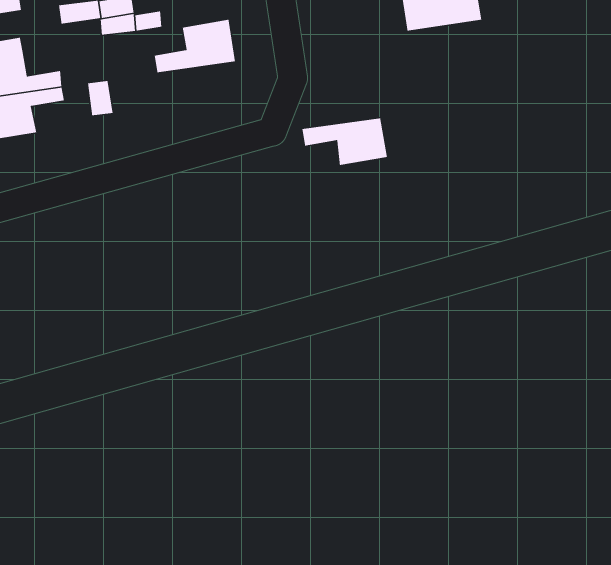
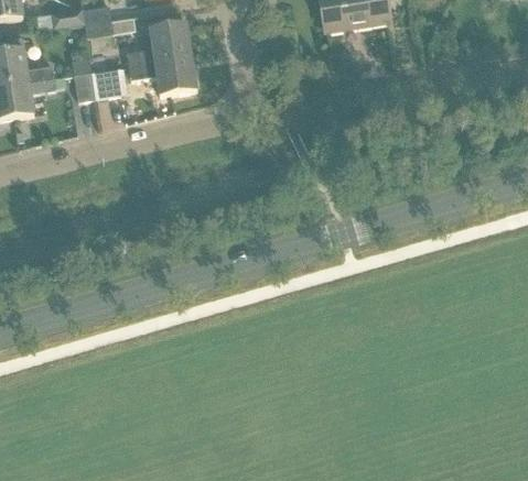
building: none -> [90,67,121,98]
building: [302,117,388,166] -> [129,57,197,96]

